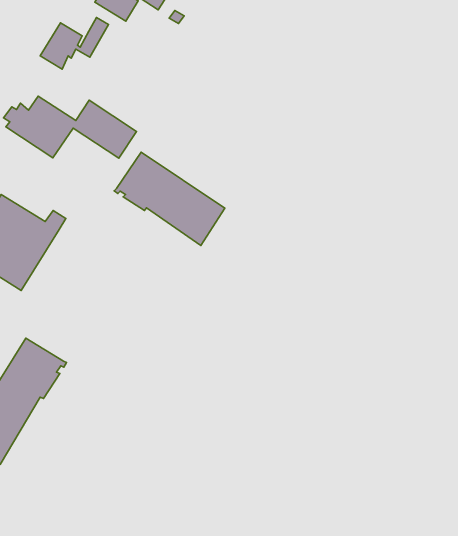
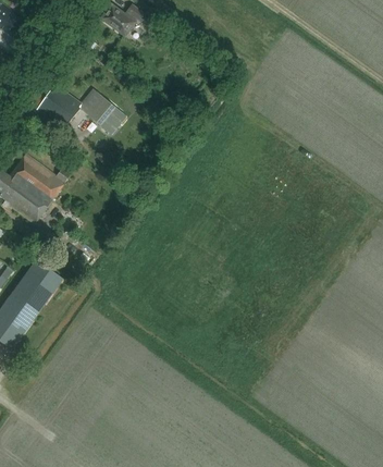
building: [40,17,108,69] -> none
building: [114,152,225,246] -> none

